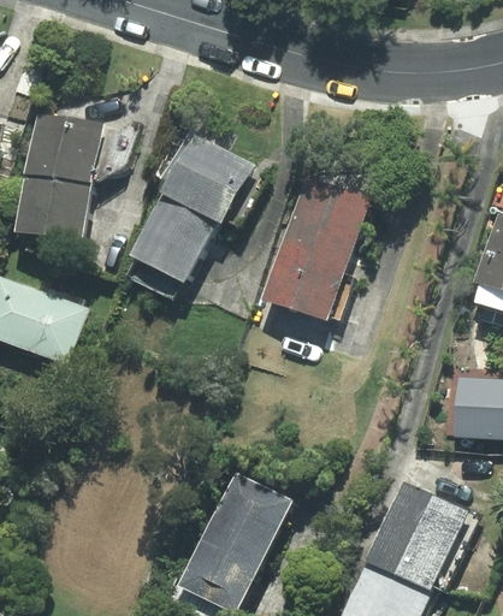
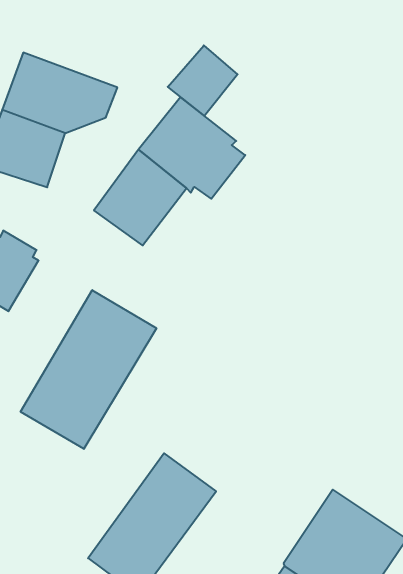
building: none -> [168,45,238,116]
building: [262,178,368,320] -> none
building: none -> [21,290,156,449]

